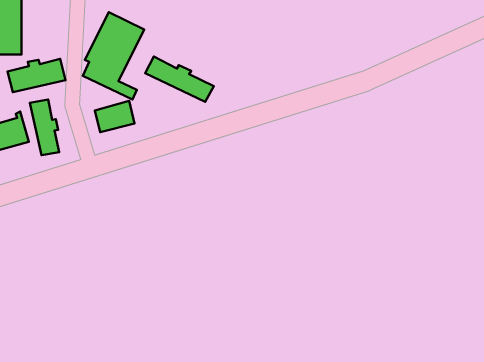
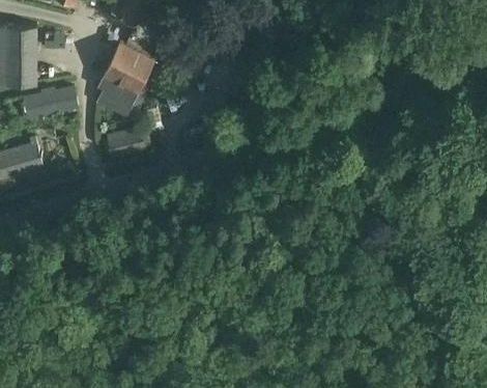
building: [145,57,214,102] -> none
building: [30,99,59,155] -> none

